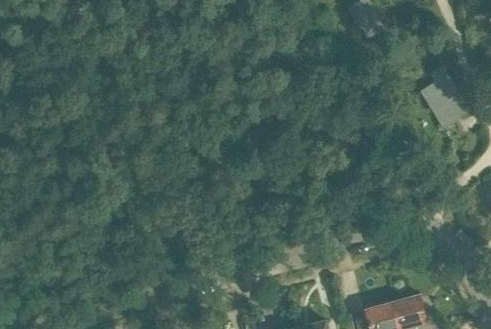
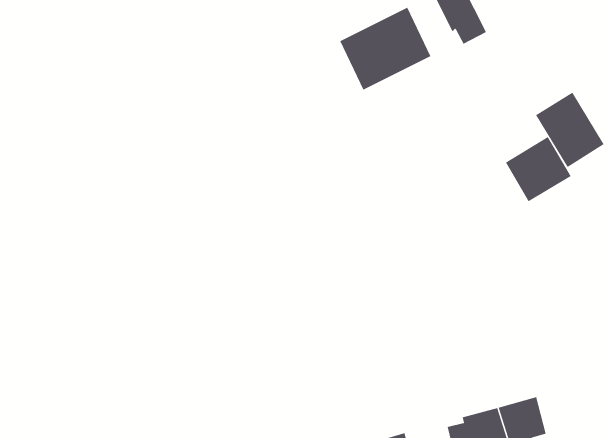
building: none -> [340,7,431,91]
building: none -> [505,136,572,202]

